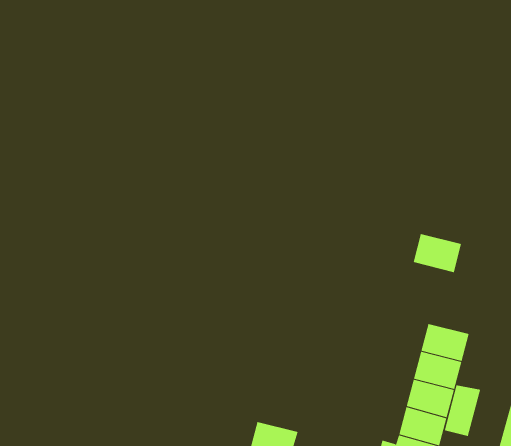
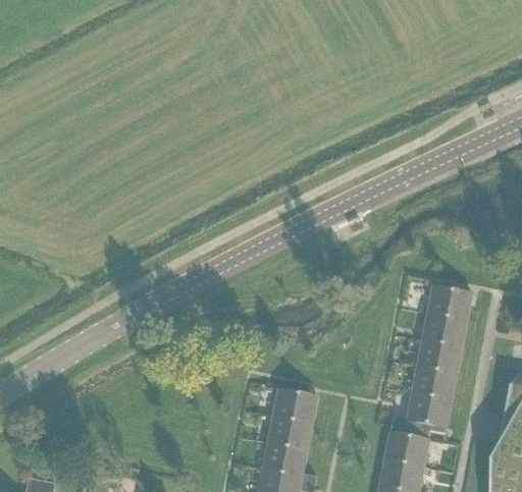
building: [413,234,462,273] -> [426,289,471,324]
building: [444,384,481,437] -> none
building: none -> [272,392,317,427]

